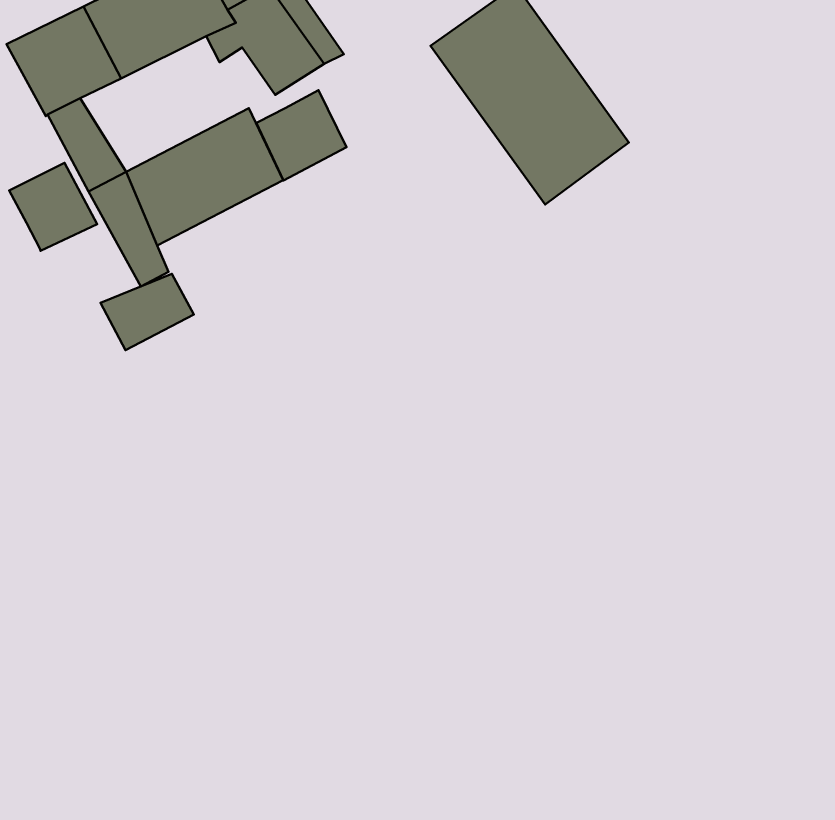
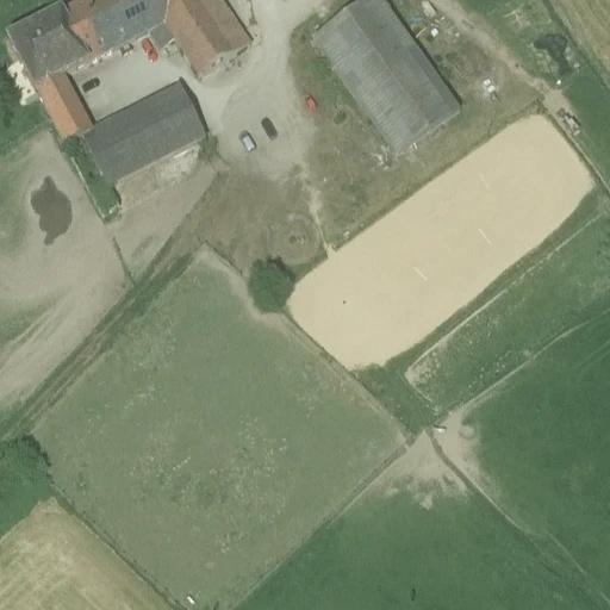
building: [256,90,347,181] -> none
building: [9,163,97,251] -> none
building: [100,274,194,350] -> none

